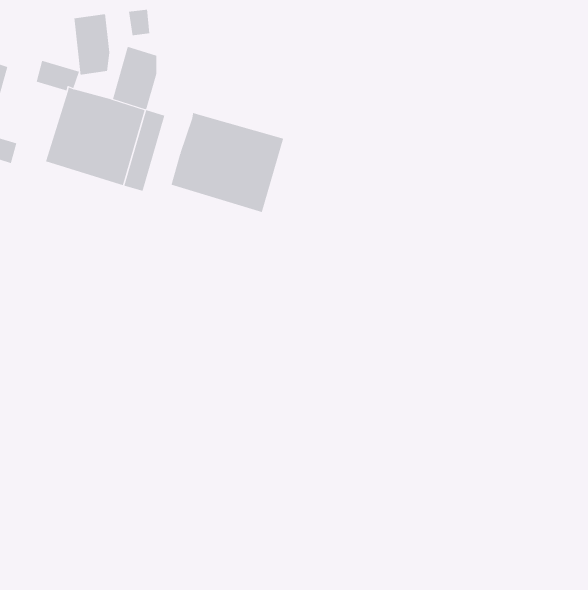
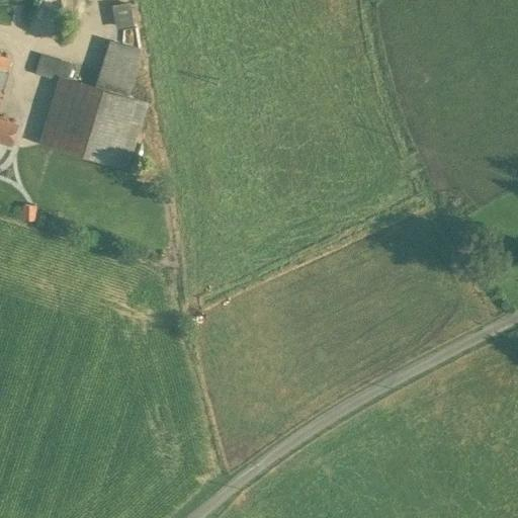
building: [74,14,110,75] -> none
building: [171,112,284,213] -> none

